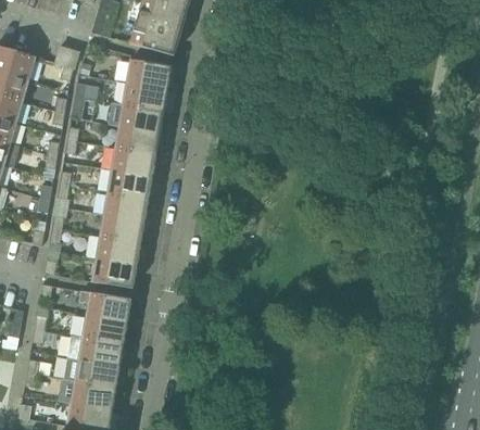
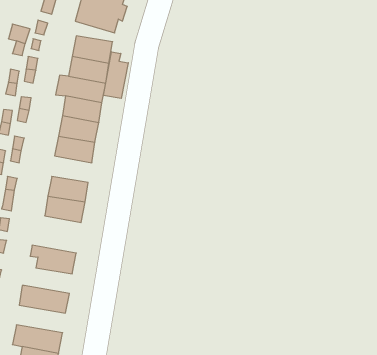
building: none -> [103,52,128,98]
building: [103,191,148,220] -> none
building: [91,257,136,288] -> none
building: [73,315,126,343] -> none
building: [64,356,118,387] -> none

